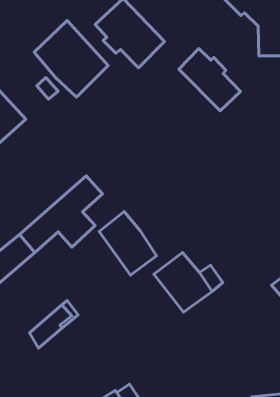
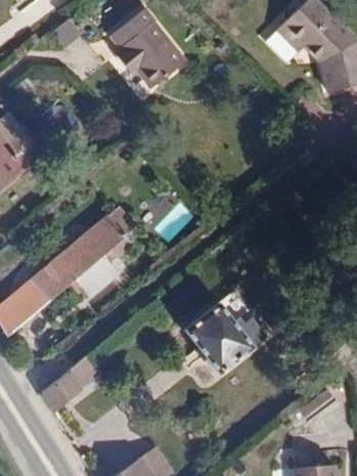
building: [34,21,108,97] -> none
building: [179,48,241,111] -> none
building: [99,212,157,275] -> none

